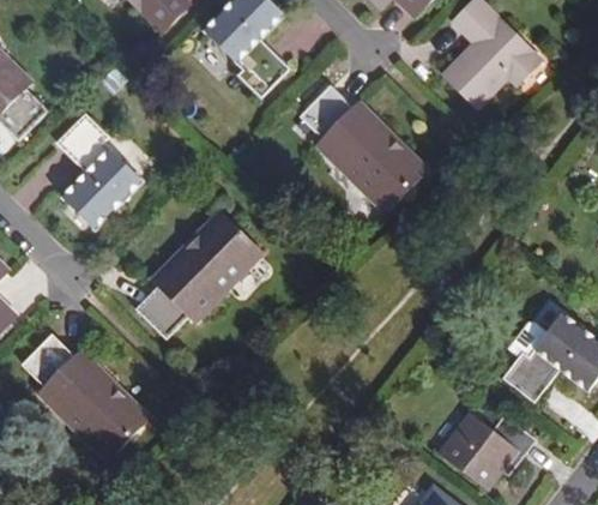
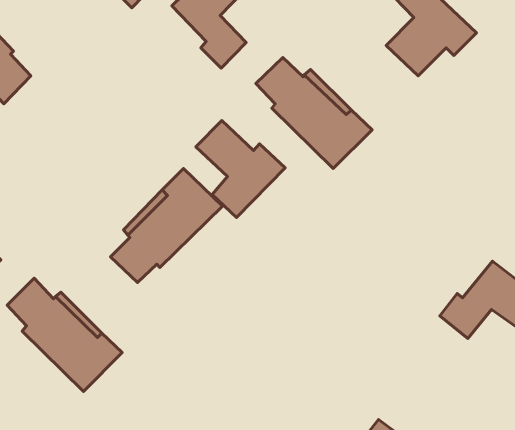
building: [58,113,141,228] -> none
building: none -> [196,121,285,218]
building: [437,413,532,487] -> none

